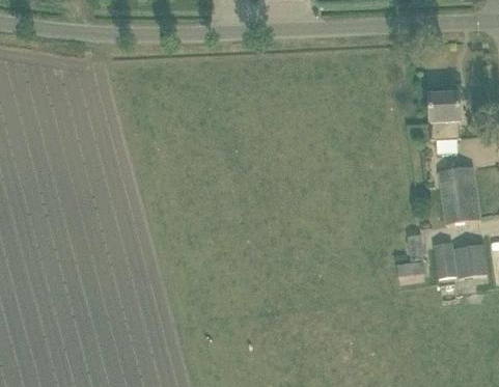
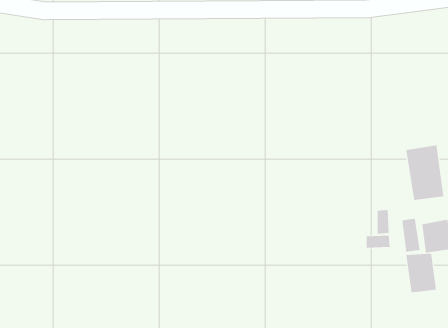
building: [428,93,460,139] -> none
building: none -> [406,253,436,293]

